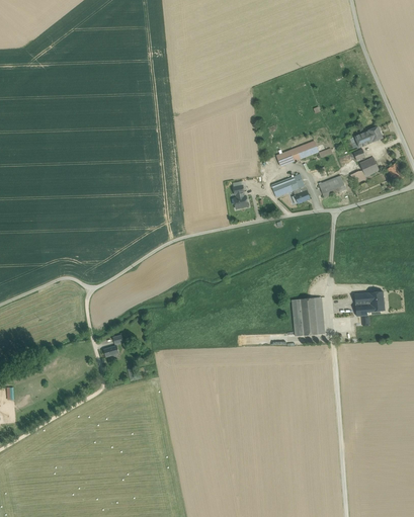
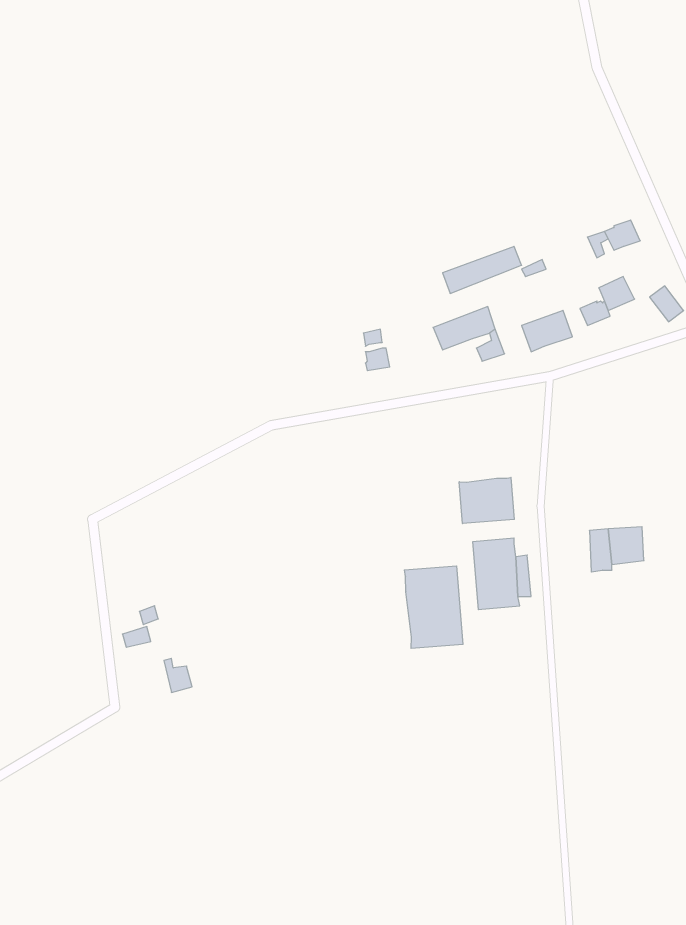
building: none -> [459,477,514,524]
building: none -> [404,566,463,648]

